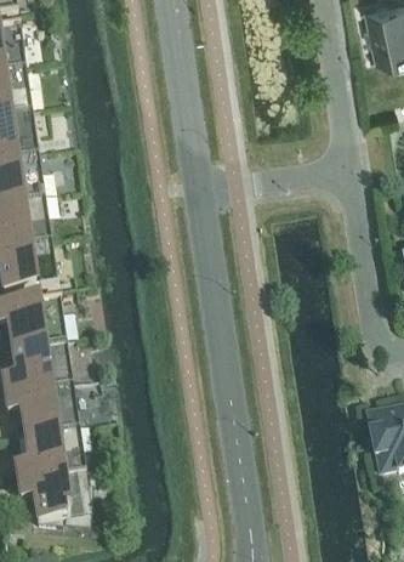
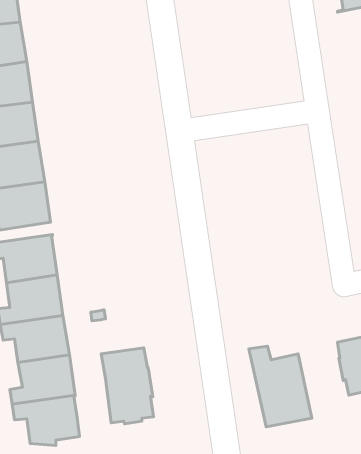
building: none -> [249,346,312,427]
building: none -> [101,348,154,424]

